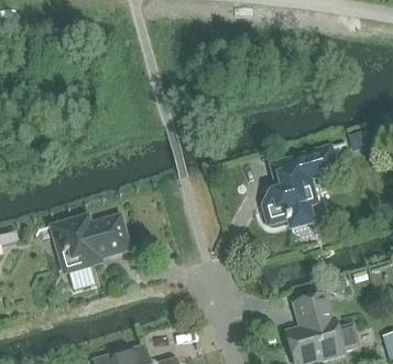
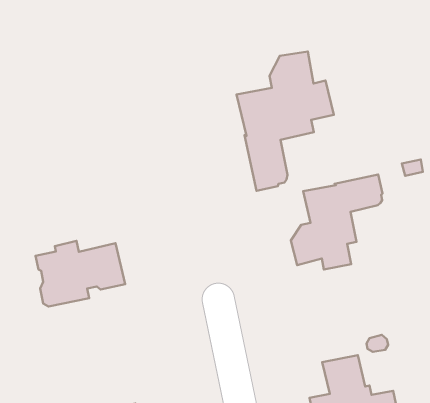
building: none -> [237,51,334,191]

